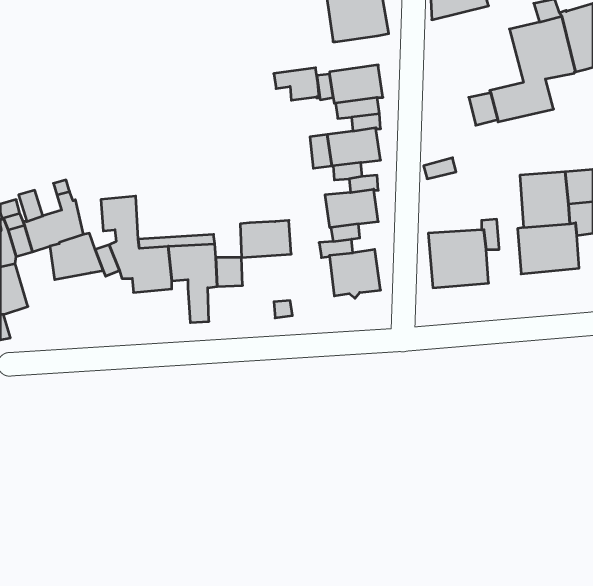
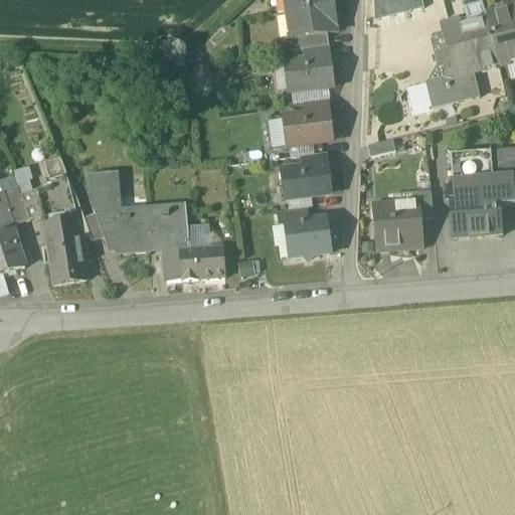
building: [274,68,319,100] -> [291,31,330,59]
building: [240,220,291,258] -> [180,246,224,279]
building: none -> [47,236,85,283]

